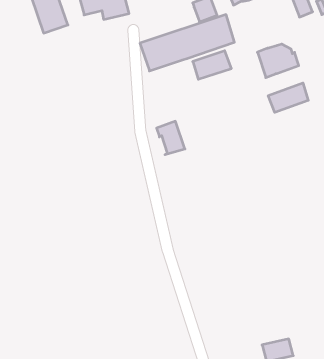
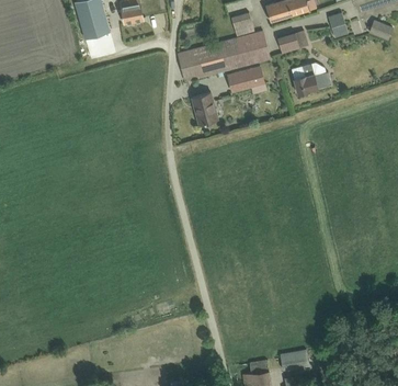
building: none -> [276,29,307,53]
building: [268,83,308,112] -> none
building: [157,121,185,155] -> [191,91,217,123]

